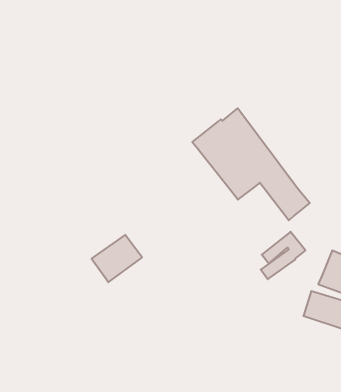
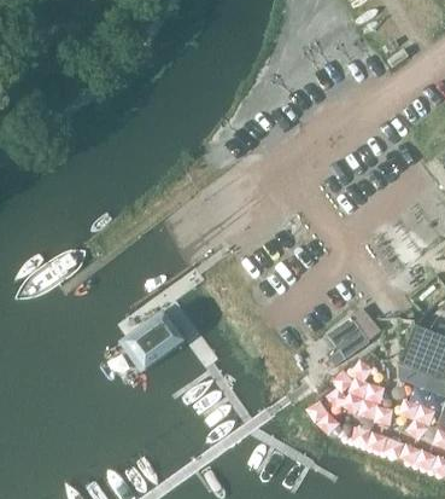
building: [192,108,310,220] -> none

